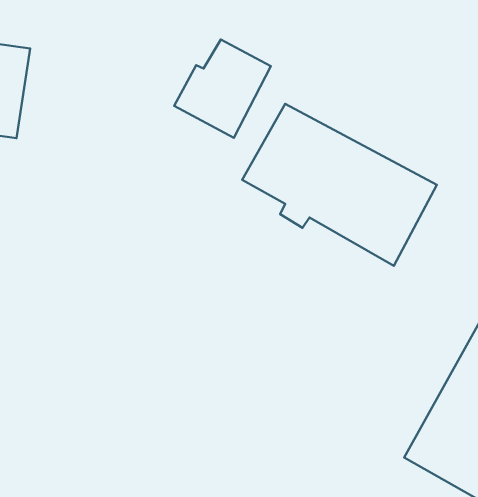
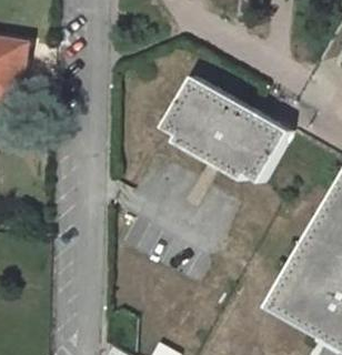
building: [174,40,271,138] -> none

